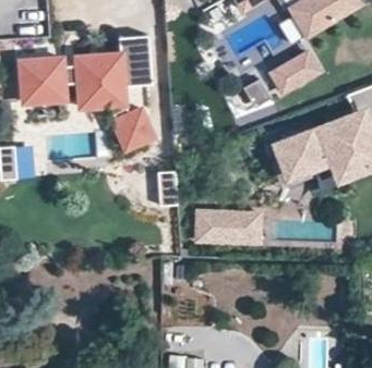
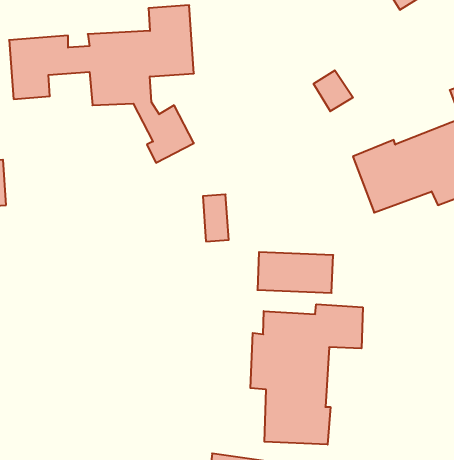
building: [269,53,316,94] -> none
building: none -> [250,304,363,445]

